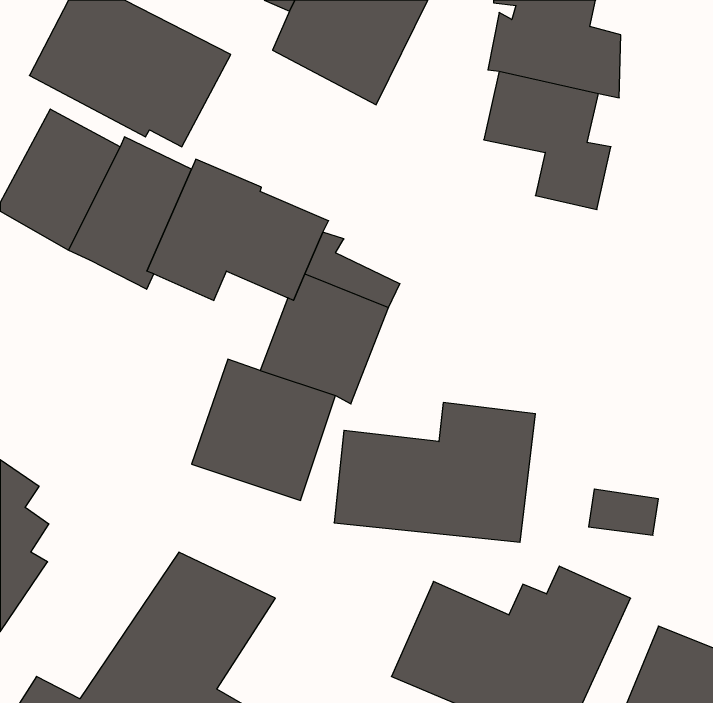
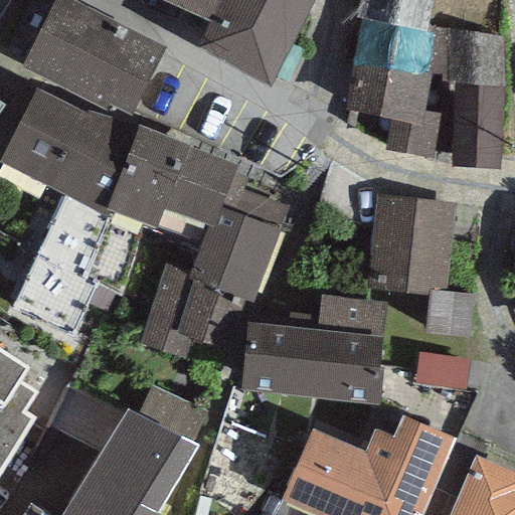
building: none -> [446,33,505,173]
building: none -> [12,195,106,340]
building: none -> [366,197,459,296]

